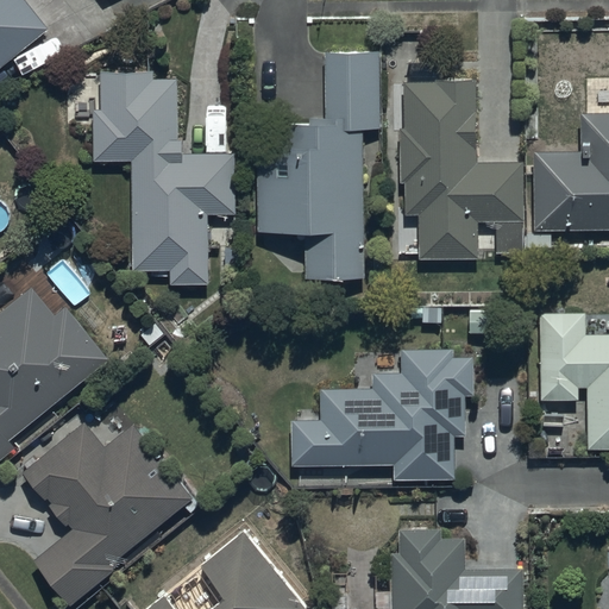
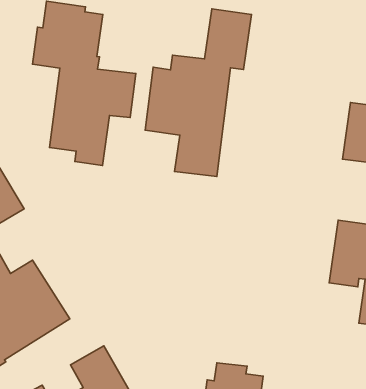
building: [400,80,521,260] -> none
building: [291,352,472,479] -> none

